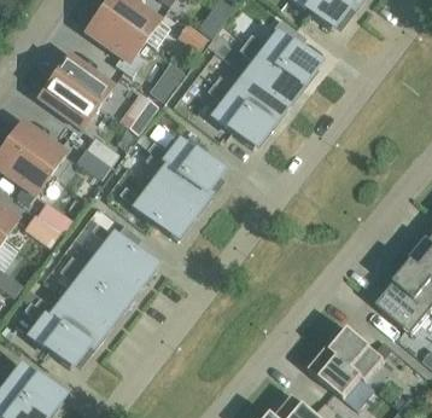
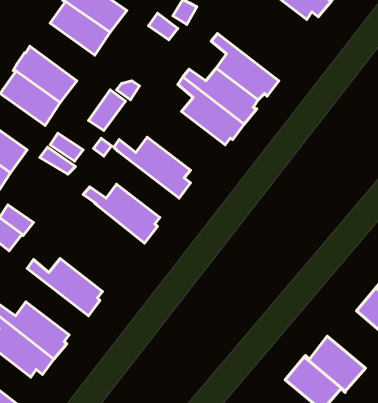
building: [245,30,317,86] -> none
building: [145,152,209,215] -> none
building: [91,221,156,285] -> none
building: [59,263,123,326] -> none

